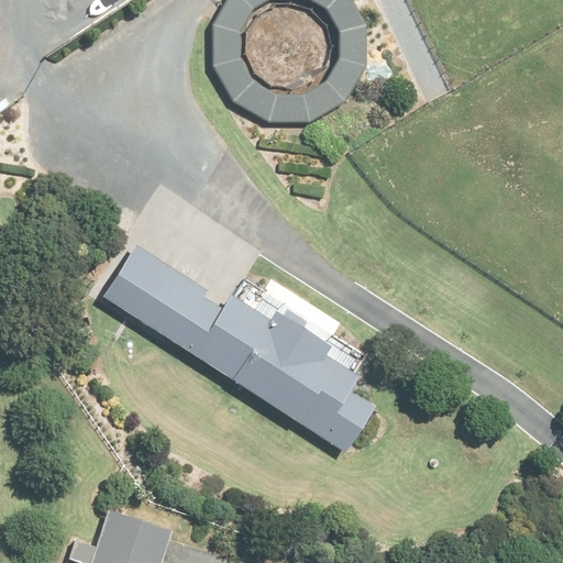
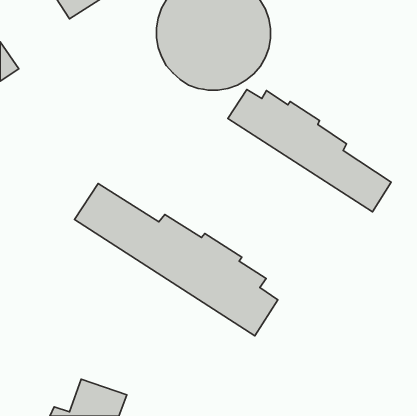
building: none -> [228,89,391,212]

